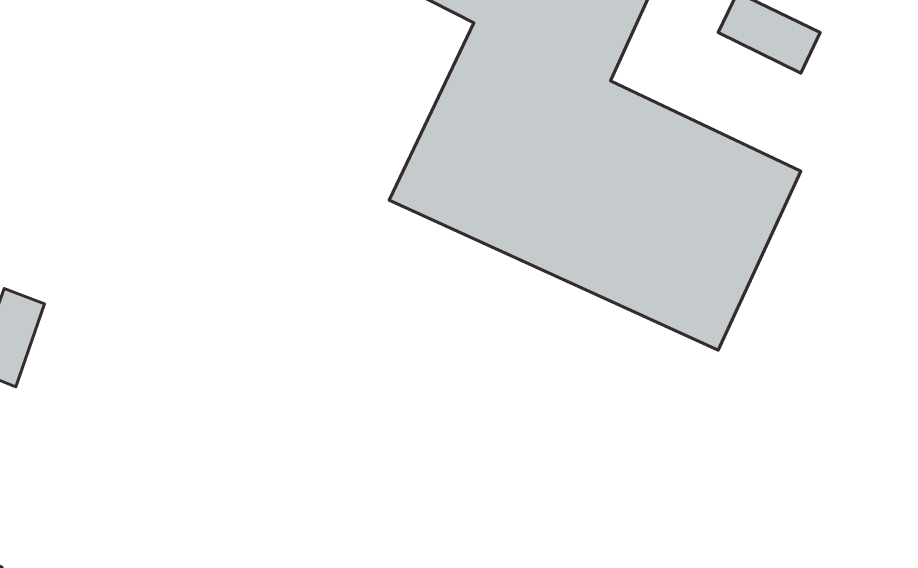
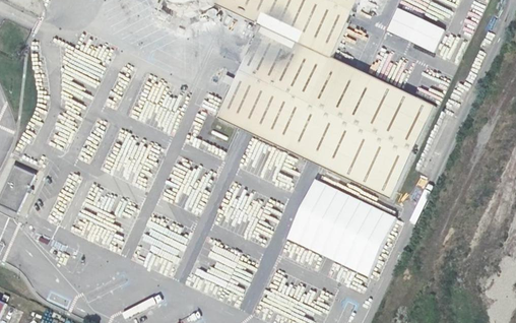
building: none -> [288,180,395,275]

